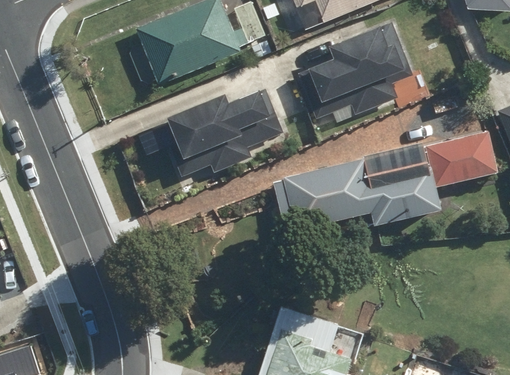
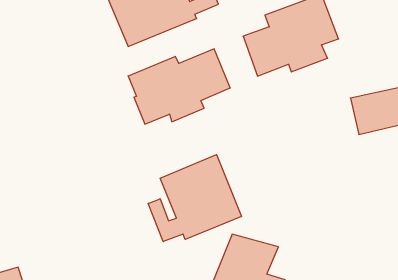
building: [272,146,435,229] -> none
building: none -> [148,155,241,242]

